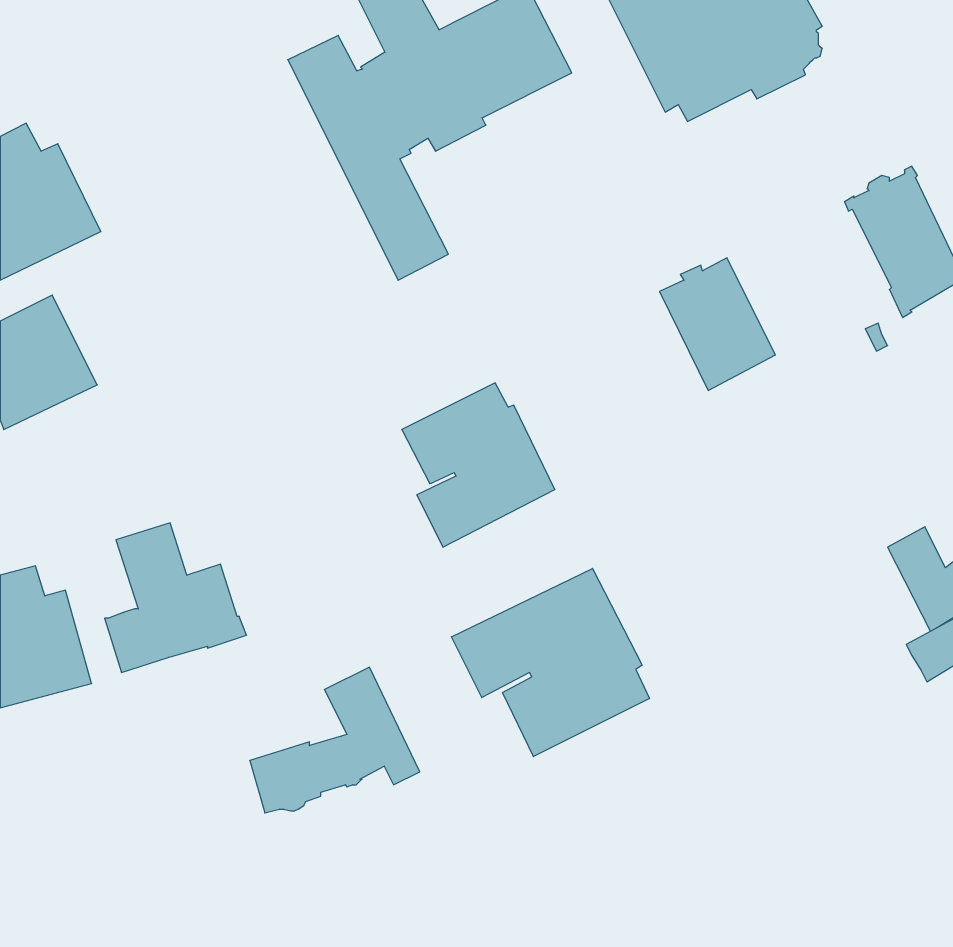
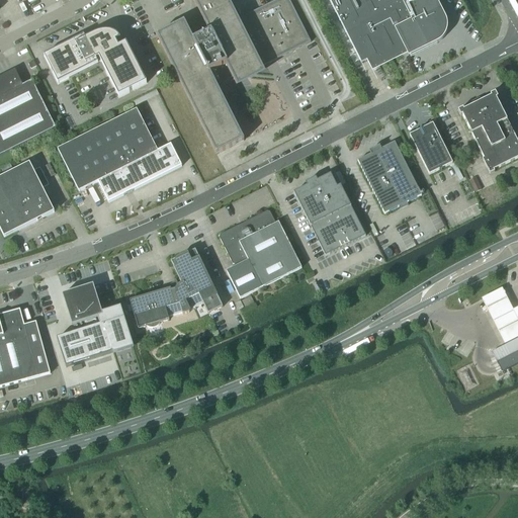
building: none -> [45,29,147,94]
building: none -> [57,106,180,199]
building: none -> [410,121,452,172]
building: none -> [294,172,366,253]
building: [451,568,649,757] -> none
building: [250,667,420,813] -> [131,247,223,326]

